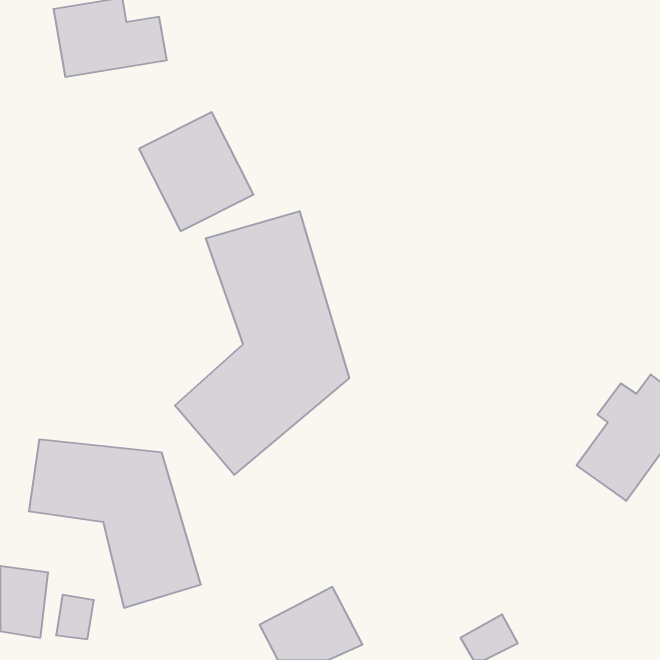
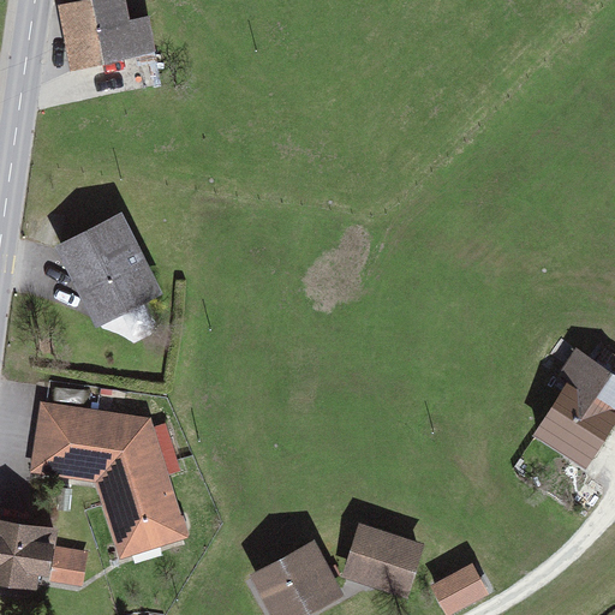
building: [139,112,254,231] -> [50,211,156,321]
building: [175,211,349,475] -> none
building: none -> [342,523,428,598]

